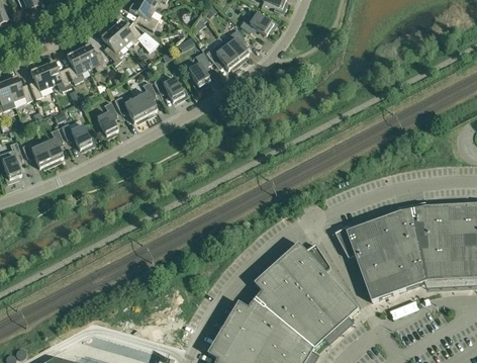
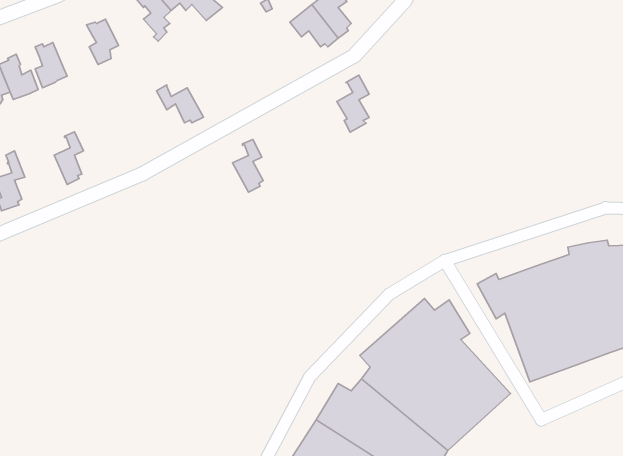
building: [79,41,107,69] -> none
building: [188,50,210,89] -> [337,75,369,132]
building: [42,59,71,89] -> none
building: [154,76,187,100] -> none
building: [135,80,157,116] -> [232,139,263,192]
building: [97,99,118,138] -> none
building: [61,117,95,148] -> none
building: [22,141,53,167] -> none

